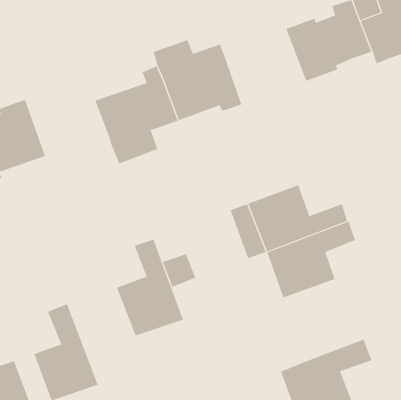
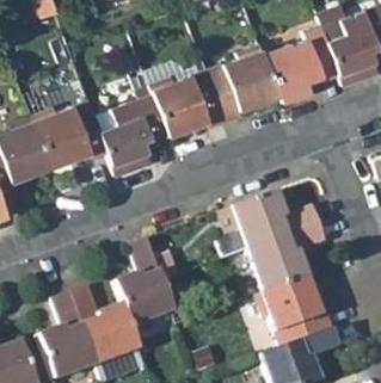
building: none -> [208,44,278,119]
building: none -> [33,100,107,165]
building: none -> [256,273,332,345]
building: none -> [70,289,141,366]

